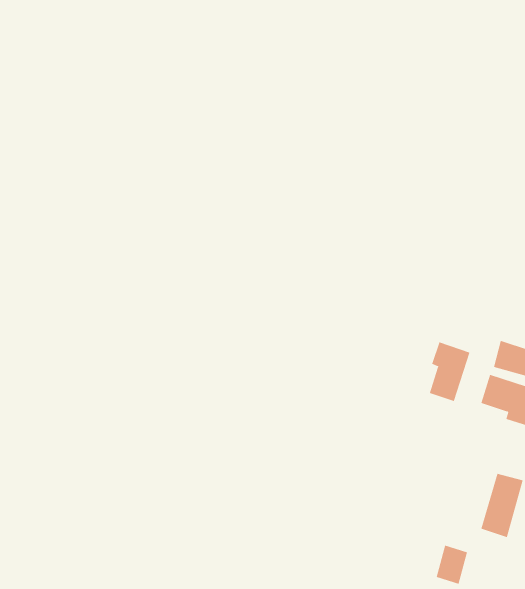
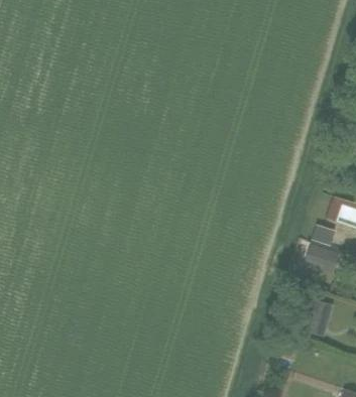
building: [429,341,470,402] -> none

